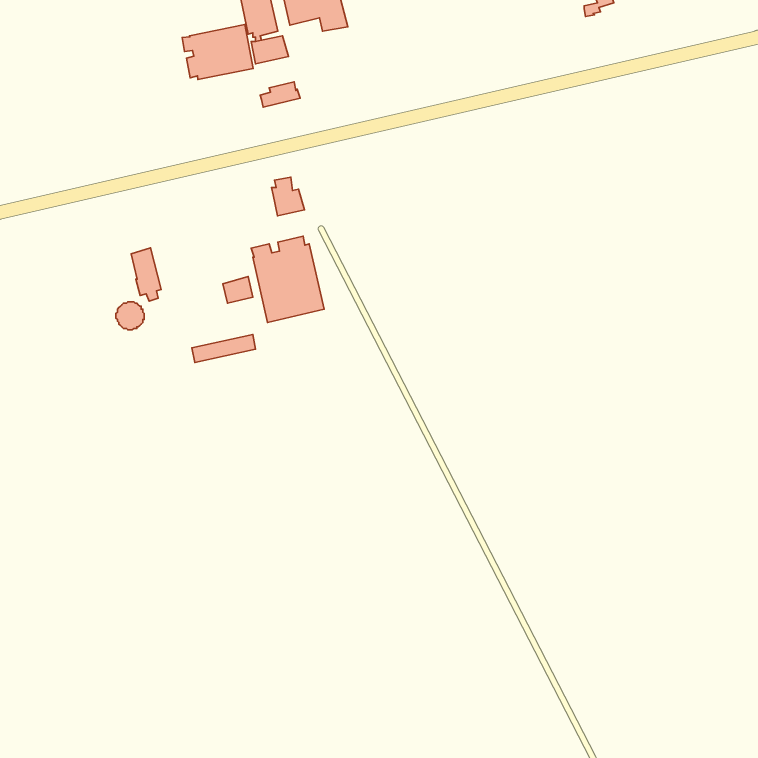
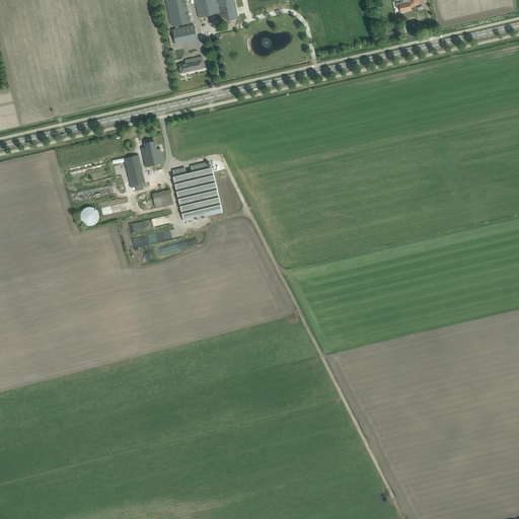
building: [182,25,253,80] -> none
building: [272,177,304,216] -> [141,140,163,166]
building: [131,248,161,301] -> [124,153,144,190]

